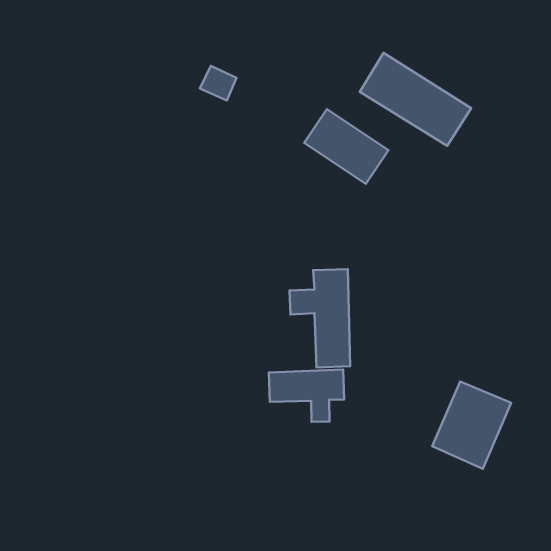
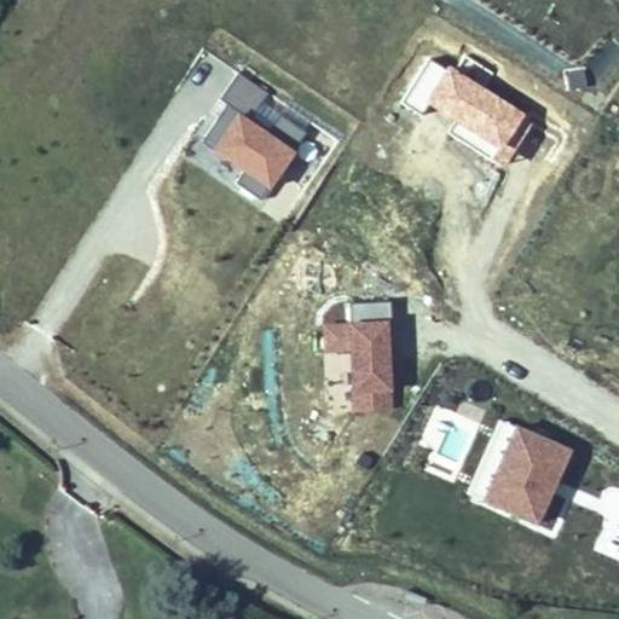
building: [304,109,389,184] -> [203,104,297,187]
building: [269,369,344,422] -> none

